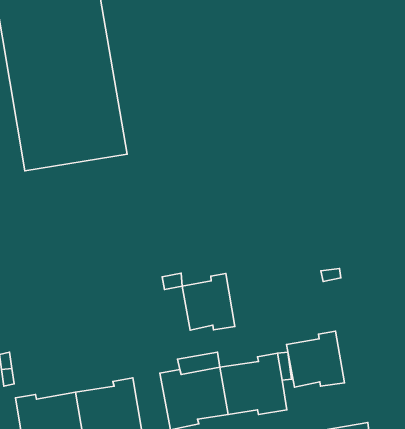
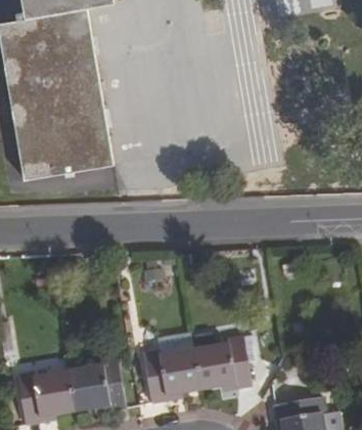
building: [182,274,235,330] -> none
building: [287,331,344,387] -> none

